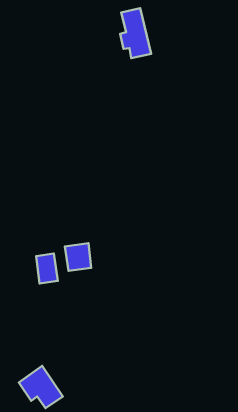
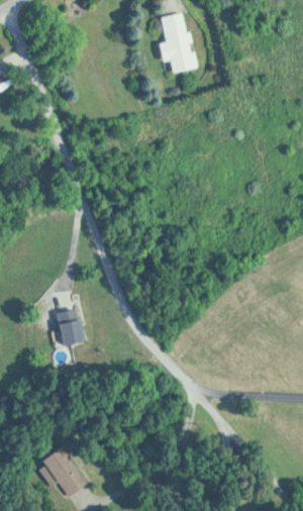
building: [65,243,91,271] -> none

